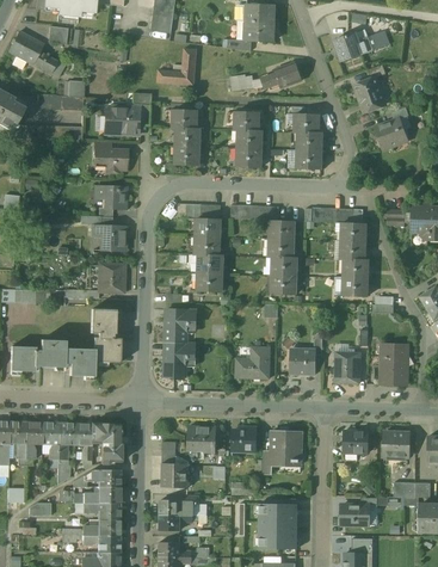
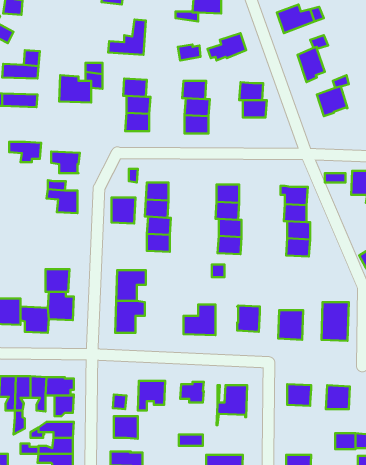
building: [290,149,321,170] -> none
building: [94,150,128,172] -> [9,142,41,162]
building: [99,265,124,292] -> [112,197,135,224]

